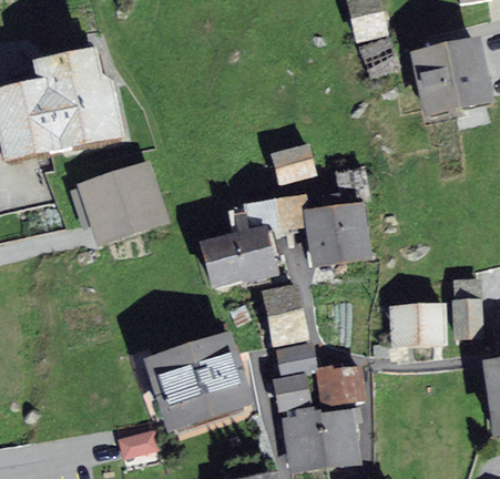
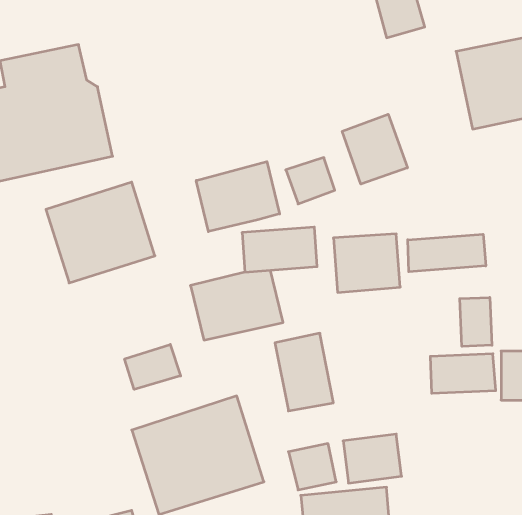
building: none -> [342,114,407,184]
building: none -> [196,162,280,232]
building: none -> [408,234,486,272]
building: none -> [460,297,492,346]
building: none -> [125,344,181,389]
building: [278,343,319,375] -> none

